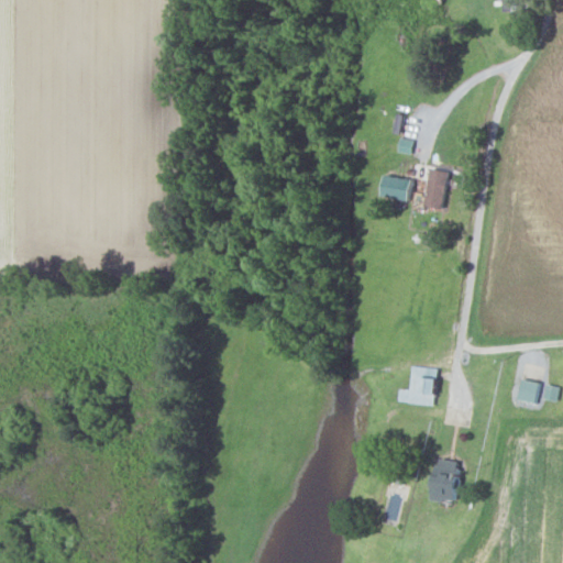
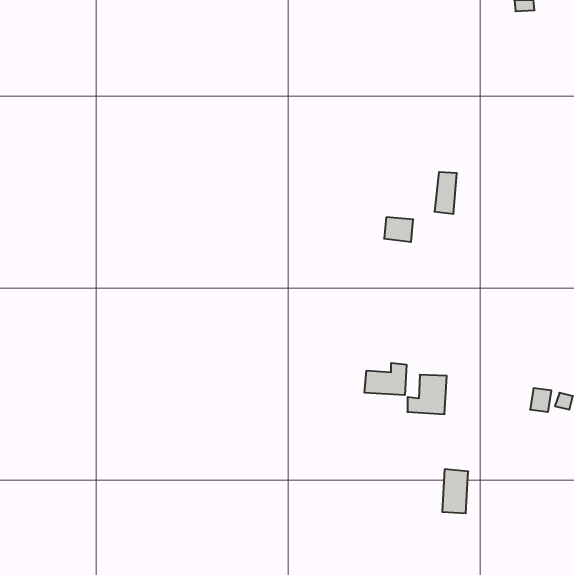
building: [382,176,410,200] -> [384,217,413,242]
building: none -> [365,363,406,395]

